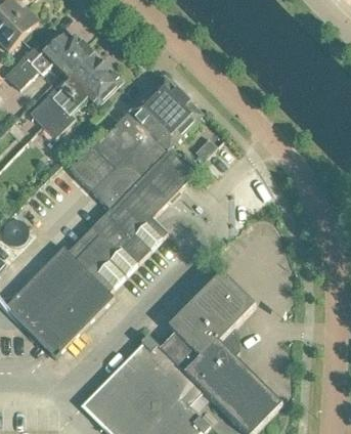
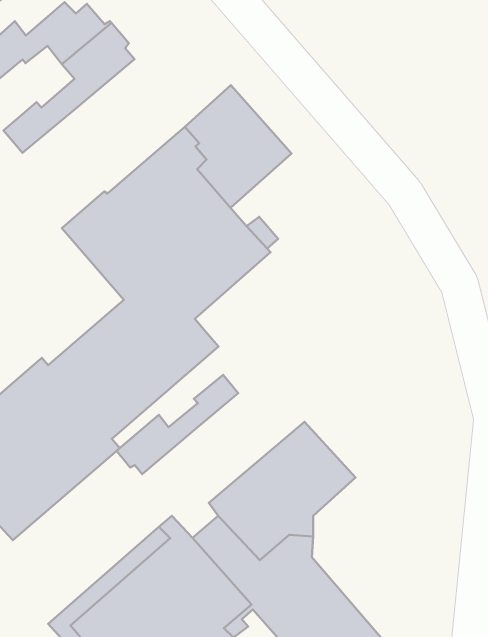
building: [42,67,120,138] -> none
building: none -> [116,375,238,474]

